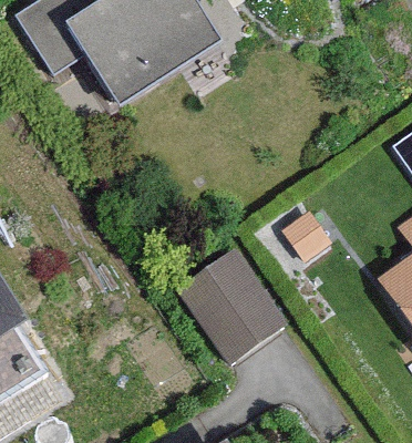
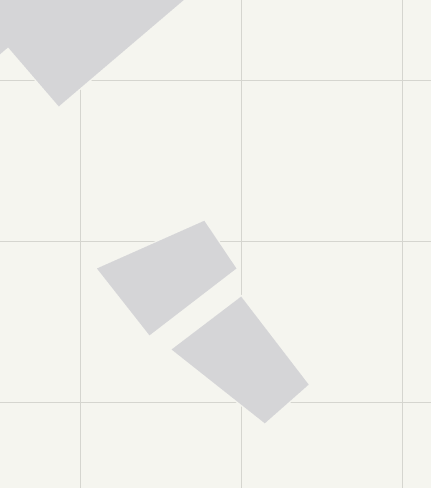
building: none -> [96,220,237,336]

